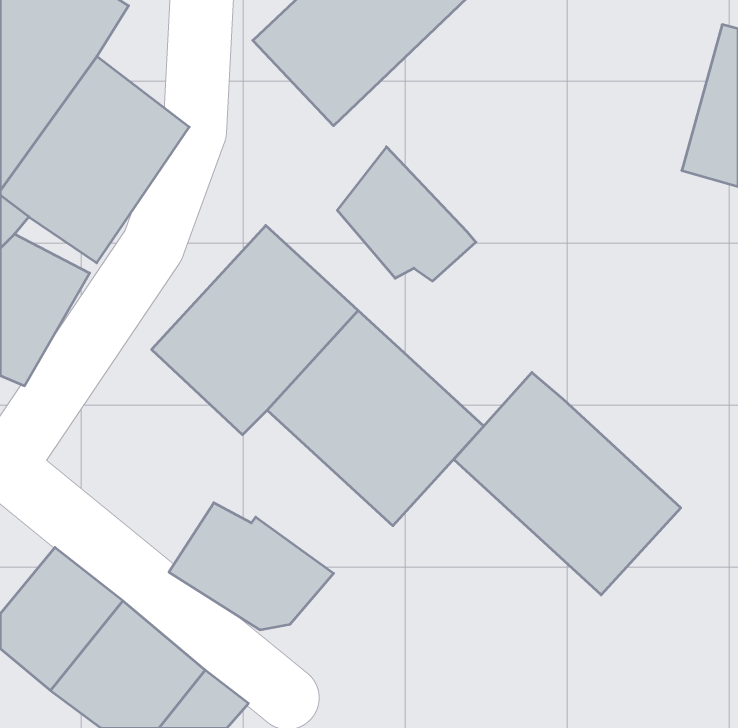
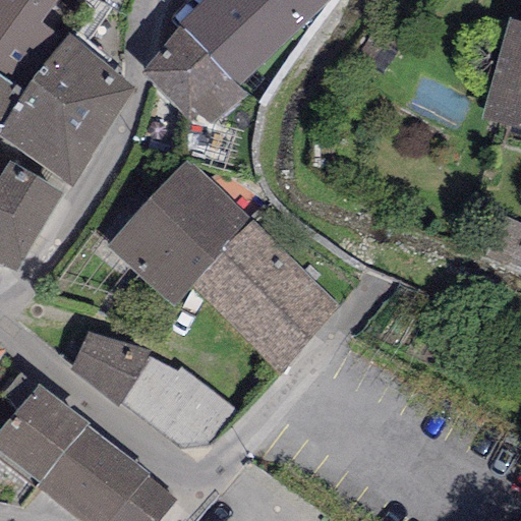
building: [337,147,476,281] -> [143,28,241,123]
building: [454,372,681,595] -> none
building: none -> [69,331,153,403]

